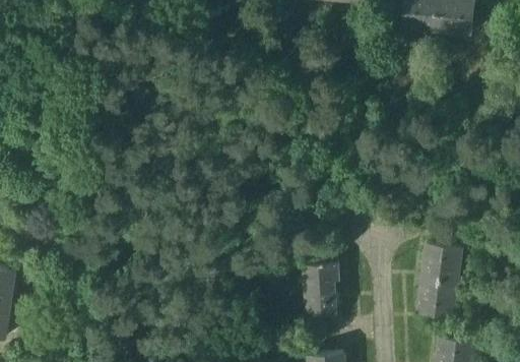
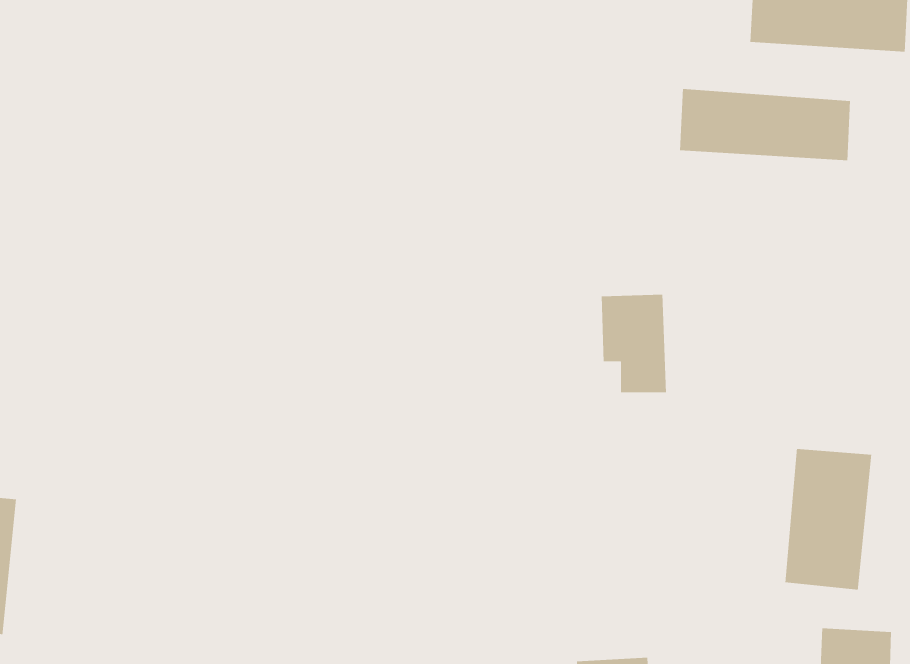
building: none -> [679,88,851,161]
building: [300,261,334,313] -> [601,294,667,393]

